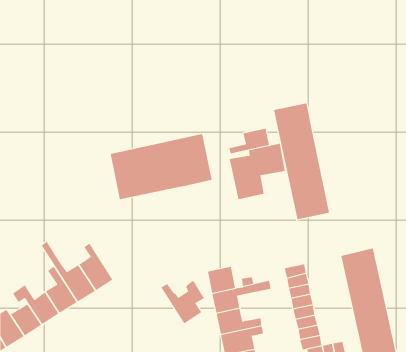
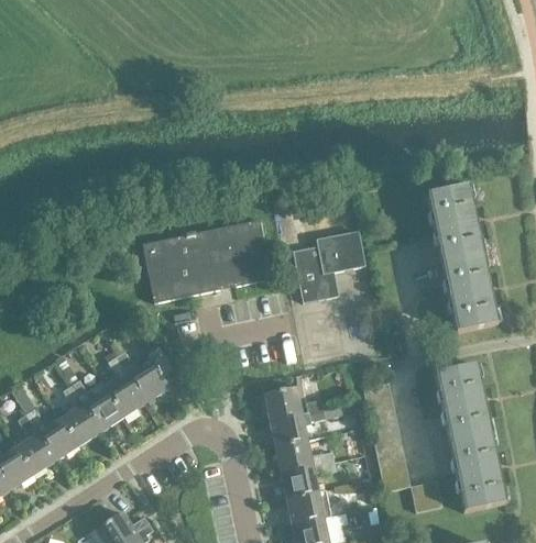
building: [273,103,330,220] -> [426,184,497,331]
building: [228,128,270,154] -> none
building: [160,280,205,324] -> [117,346,173,402]

